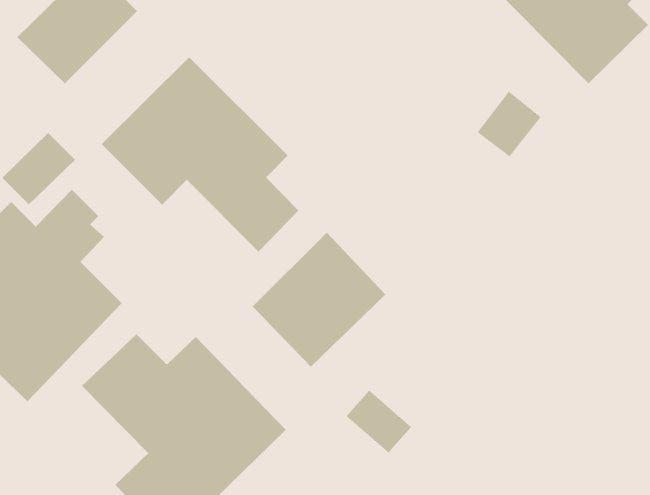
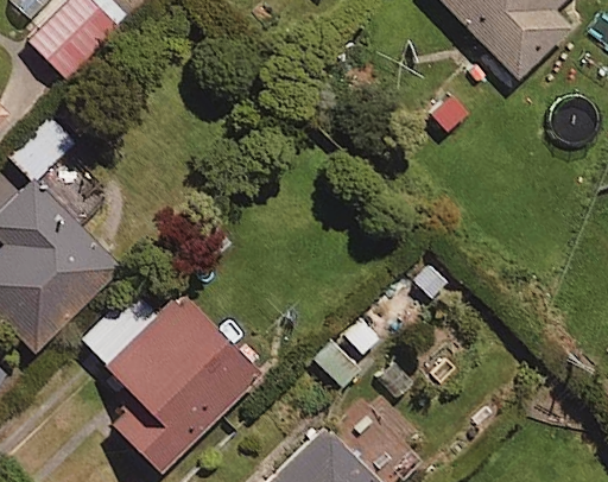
building: [101,56,299,252] -> none
building: [252,232,386,367] -> none

